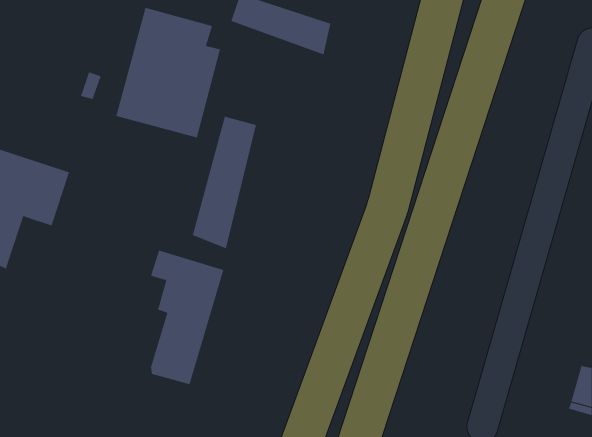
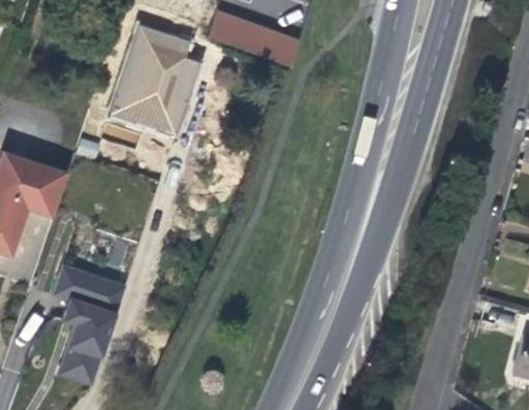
building: [192,116,257,249] -> none
building: [150,250,224,385] -> [58,266,123,385]

